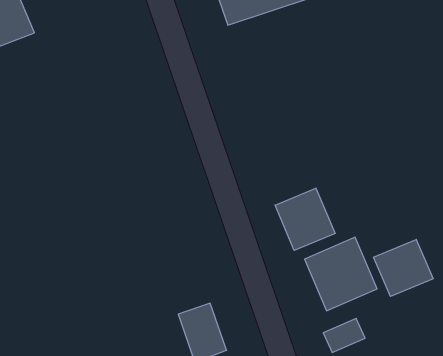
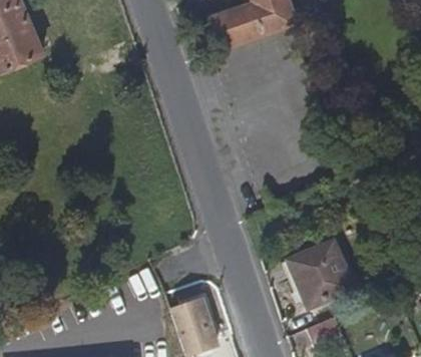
building: [275,188,335,250] -> none
building: [374,239,433,296] -> none

